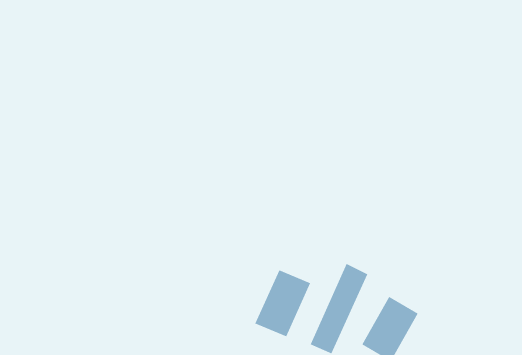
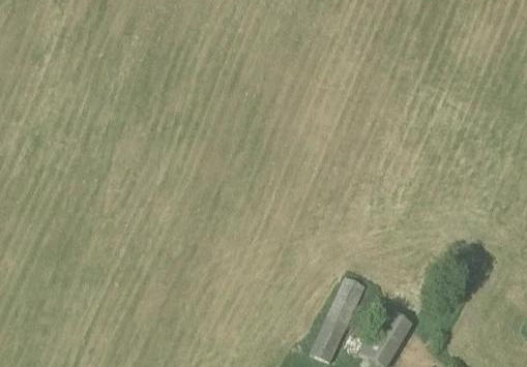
building: [255,269,311,337] -> none

